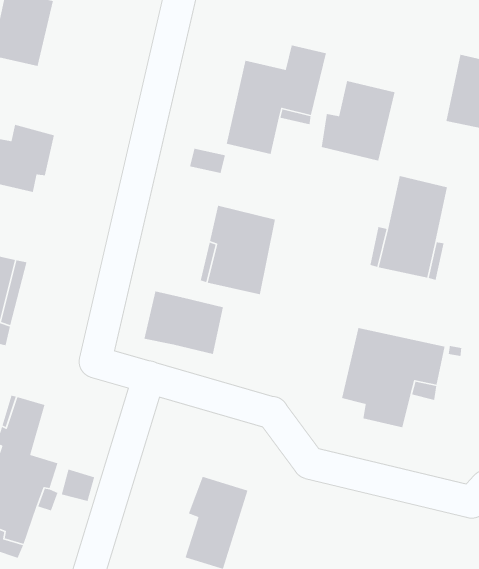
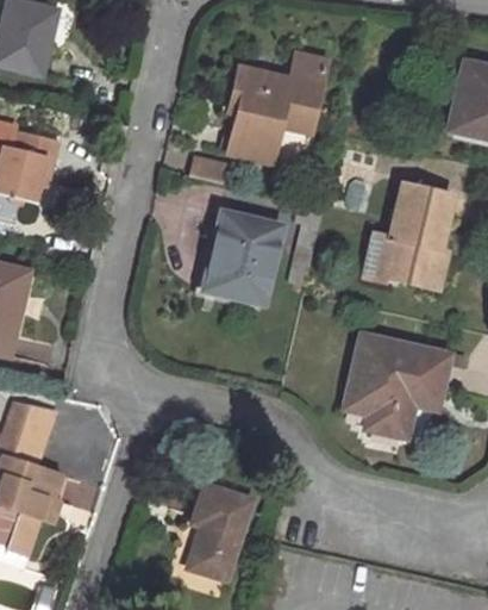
building: [321,80,395,162] -> none
building: [143,291,224,355] -> none

